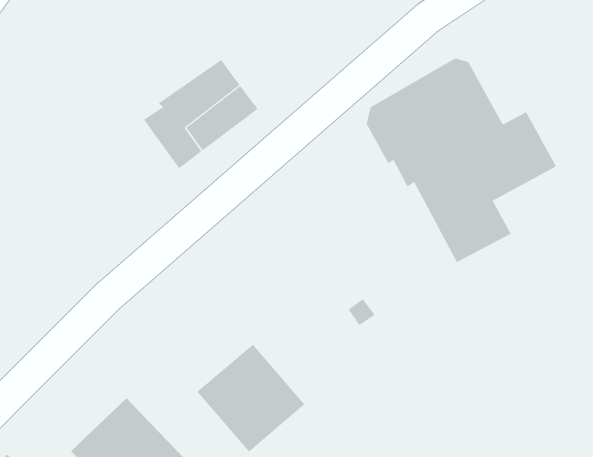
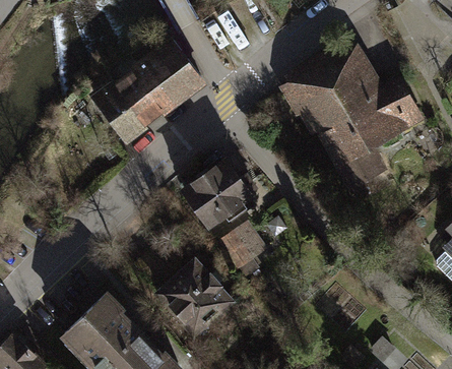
building: none -> [96,89,143,140]
building: none -> [181,163,254,233]
building: none -> [216,225,269,276]

